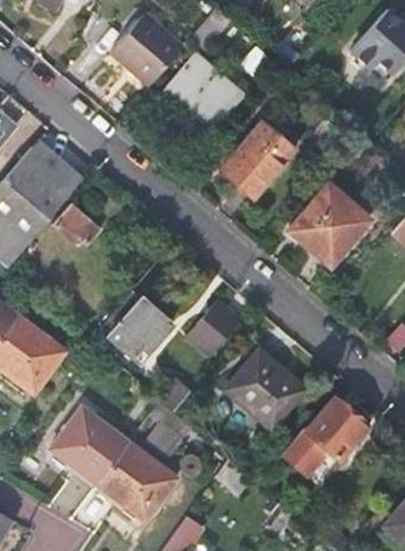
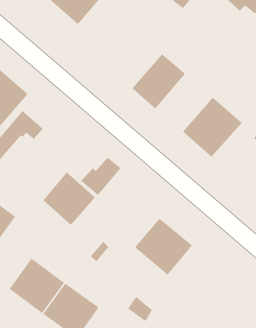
building: [167,58,243,131] -> none
building: [187,303,243,357] -> [80,157,121,196]
building: [281,399,370,477] -> none

